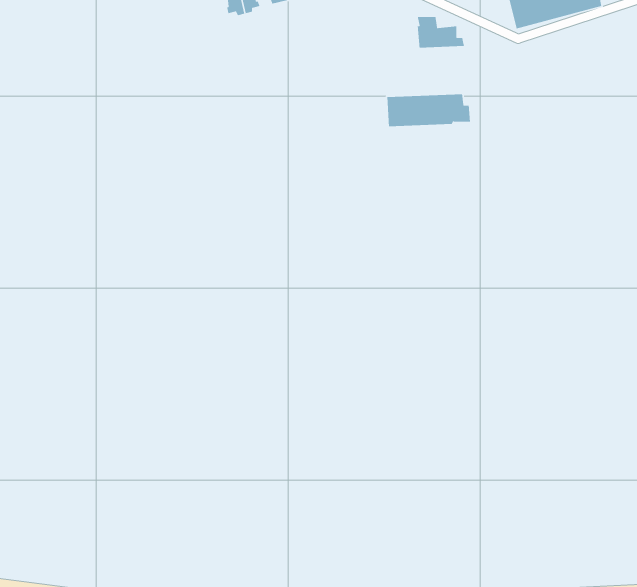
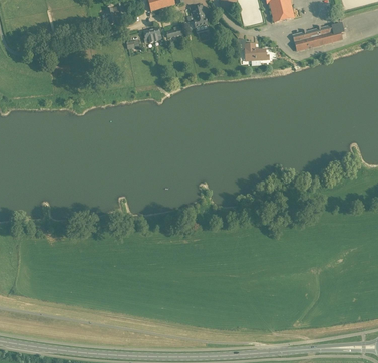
building: [386,93,471,127] -> none

